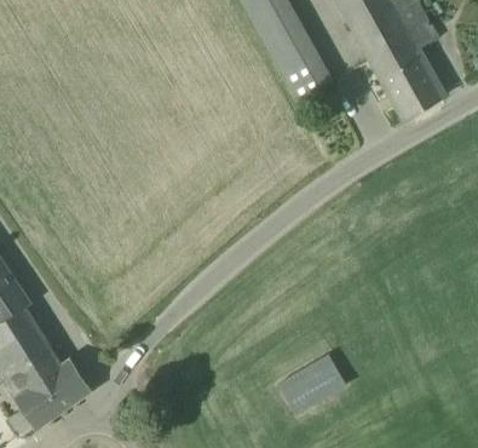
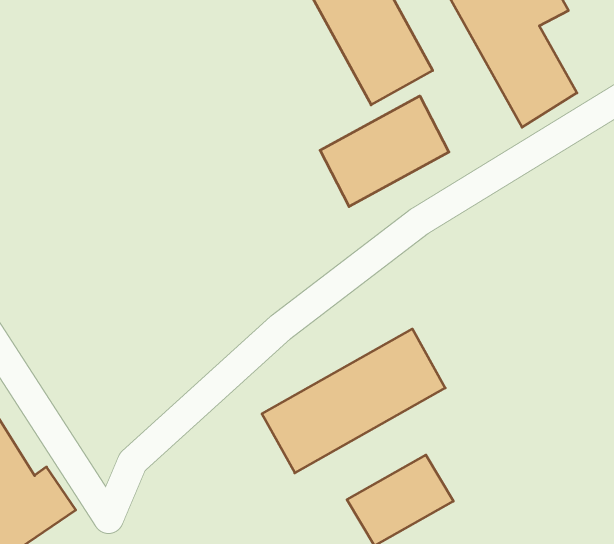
building: none -> [320,96,449,207]
building: none -> [262,329,445,473]

